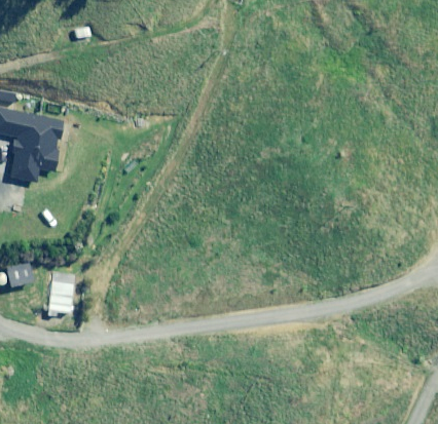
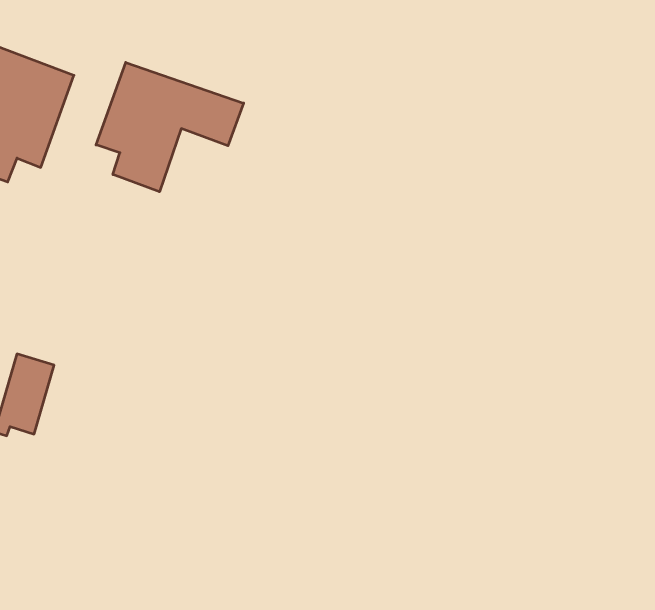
building: none -> [96,62,244,192]

